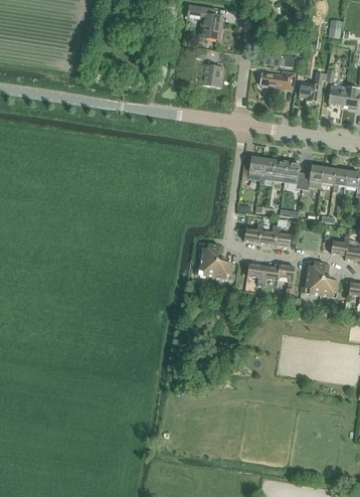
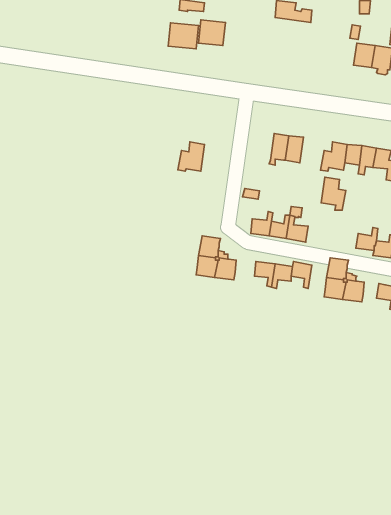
building: none -> [168,23,199,49]
building: [261,69,295,89] -> none
building: [300,72,324,101] -> none
building: [241,156,263,180] -> [178,142,205,171]
building: [285,161,305,188] -> [321,177,346,210]

